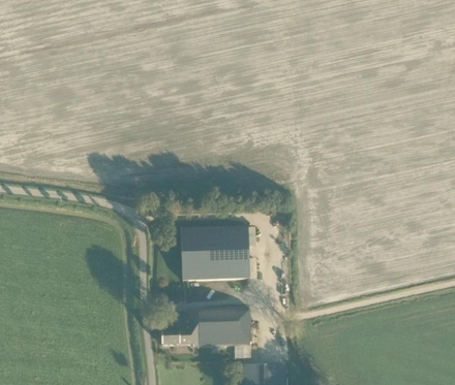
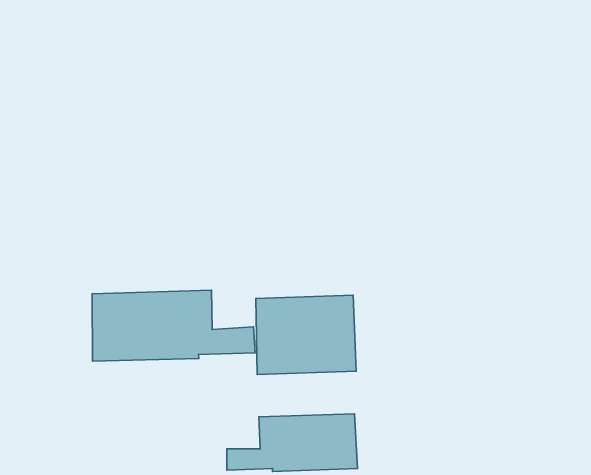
building: none -> [92,290,255,361]

